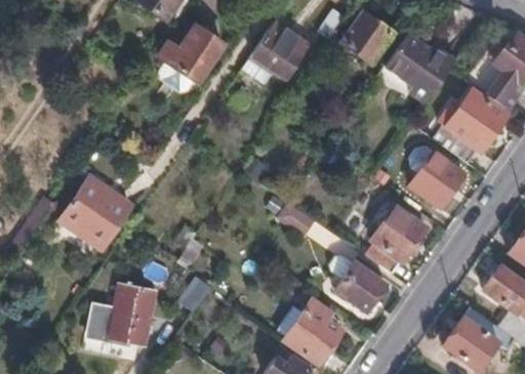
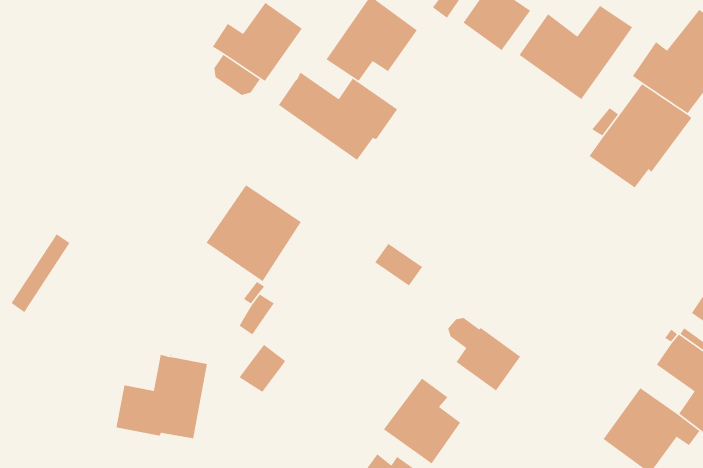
building: none -> [278,72,398,161]
building: [411,154,463,206] -> none
building: [60,177,131,249] -> [205,184,302,282]
building: [366,207,425,274] -> none

